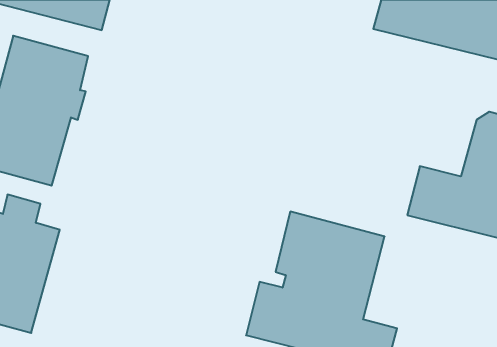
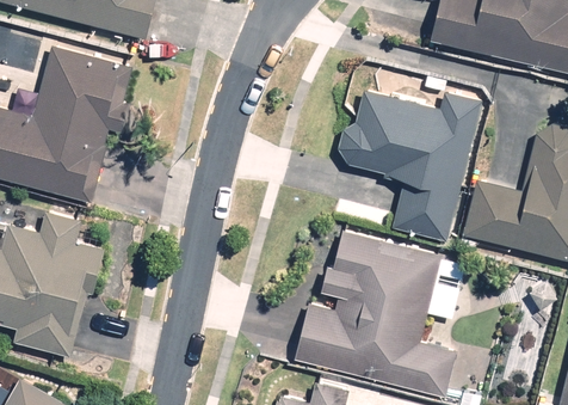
building: none -> [338,91,481,244]

